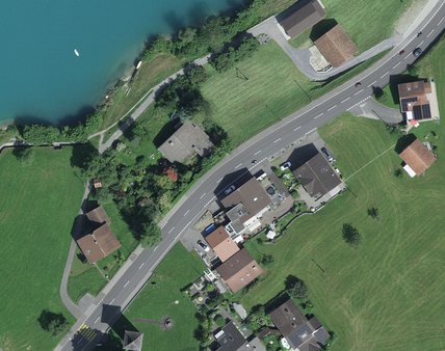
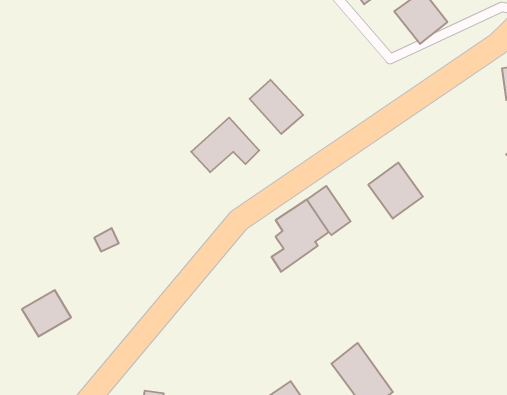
building: none -> [250,80,303,134]
building: [78,225,115,261] -> [22,290,71,337]
building: [206,228,258,291] -> none

